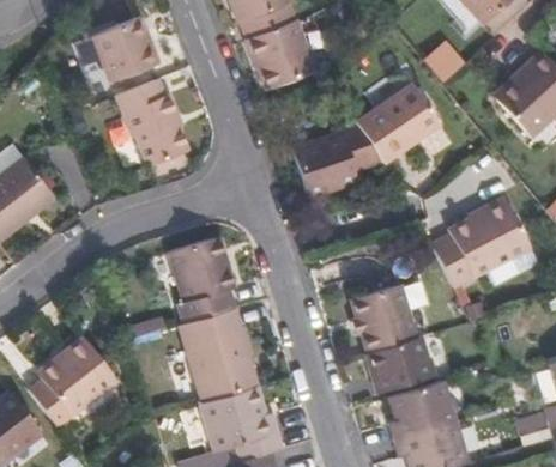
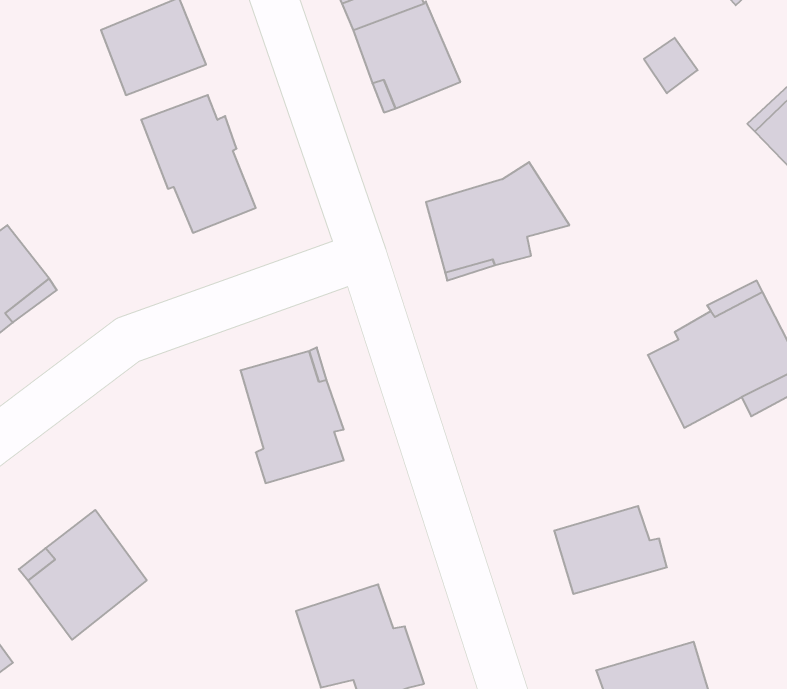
building: [353,84,437,160] -> none
building: [353,284,422,352] -> none
building: [182,308,259,402] -> none
building: [391,380,457,439] -> none

